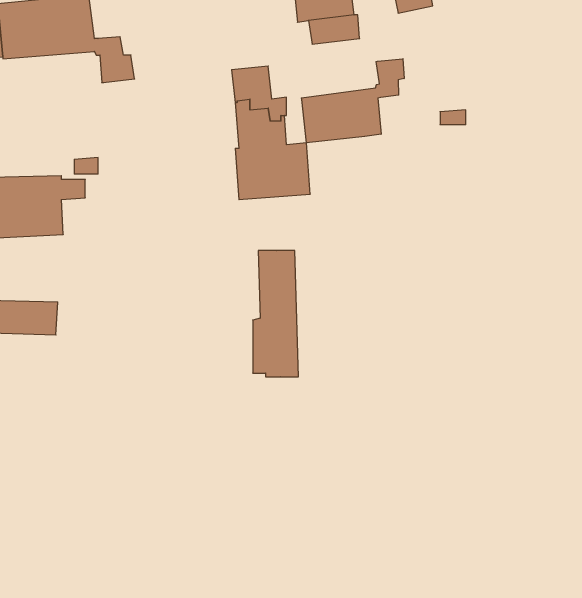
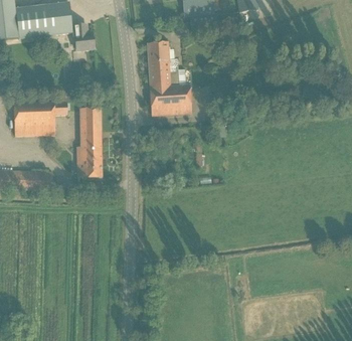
building: [301,59,404,143] -> none
building: [253,251,298,377] -> [76,108,102,177]

